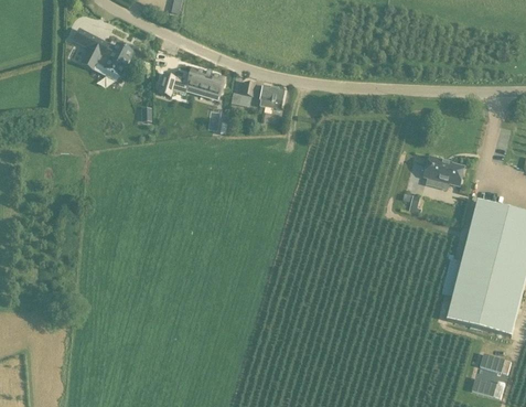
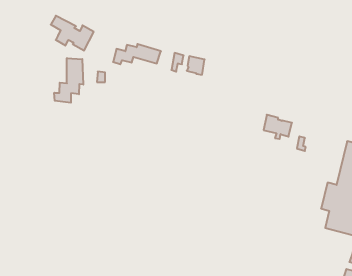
building: none -> [54,58,83,103]
building: [425,156,463,189] -> [264,115,292,139]

